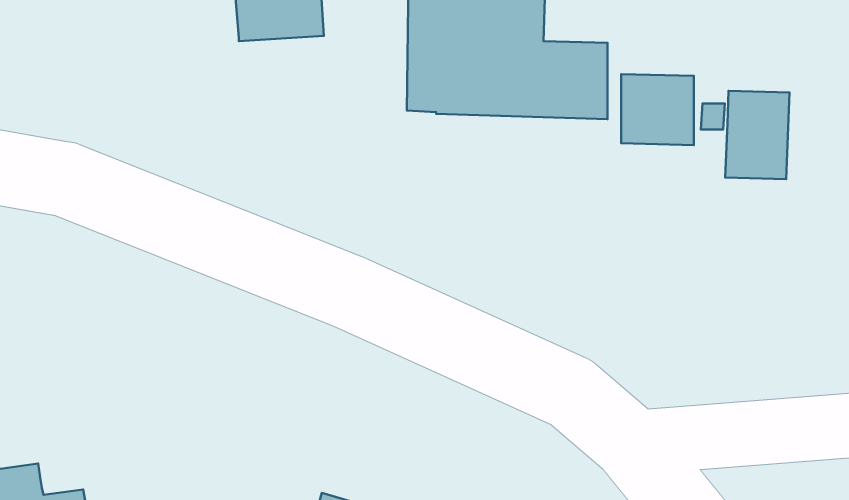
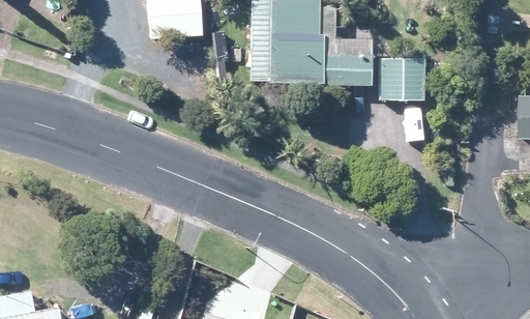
building: [725,91,790,179] -> none

